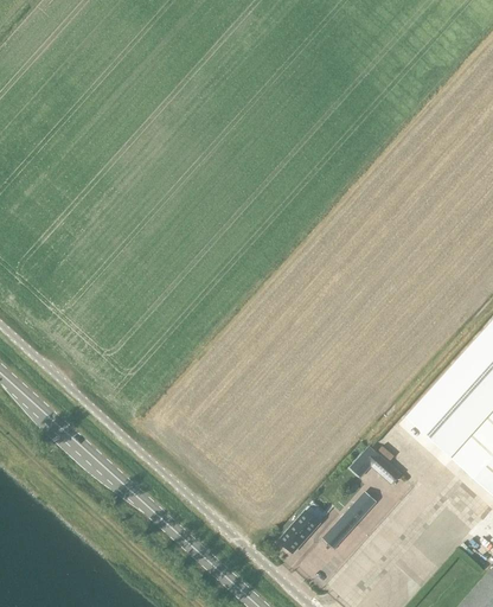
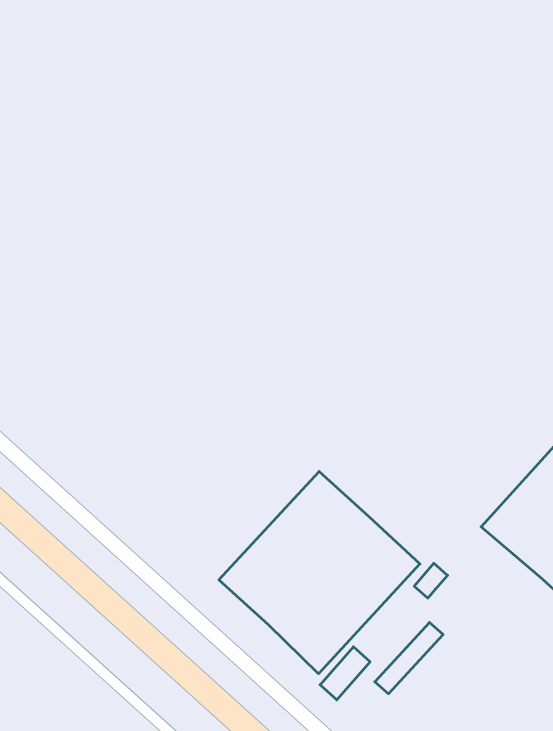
building: none -> [219,471,420,674]

